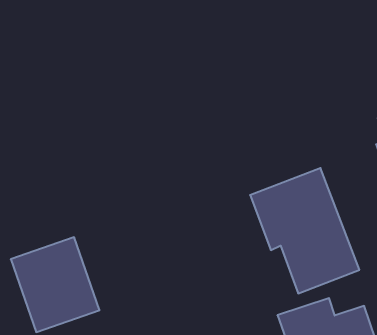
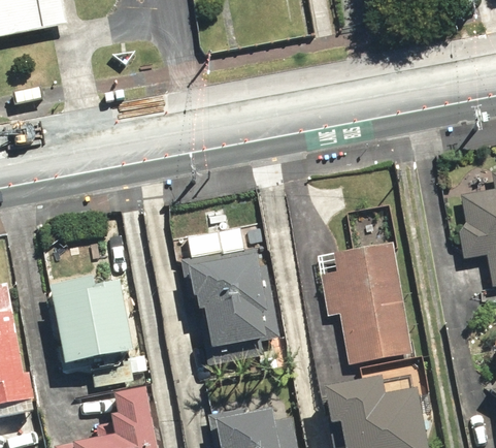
building: none -> [181,242,280,350]

